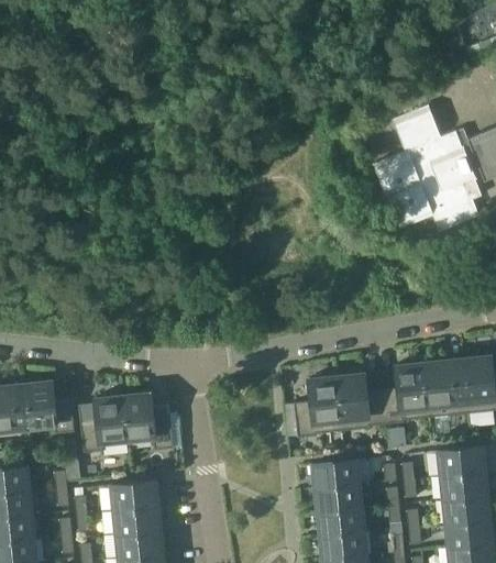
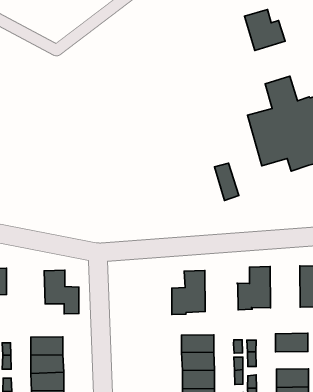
building: none -> [244,9,285,50]
building: none -> [214,163,239,200]
building: [422,357,467,417] -> none
building: [335,373,385,430] -> none
building: [78,395,126,452] -> none
building: [440,471,486,498] -> none

